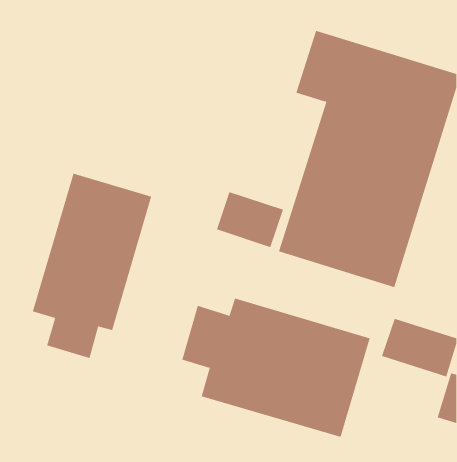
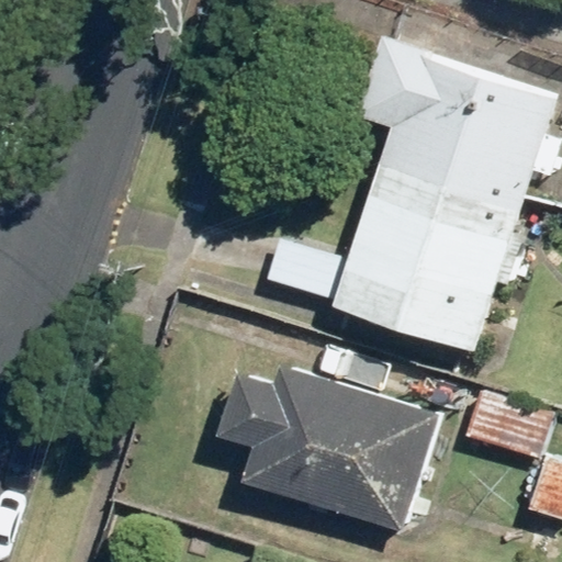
building: [32,173,152,359] -> none

